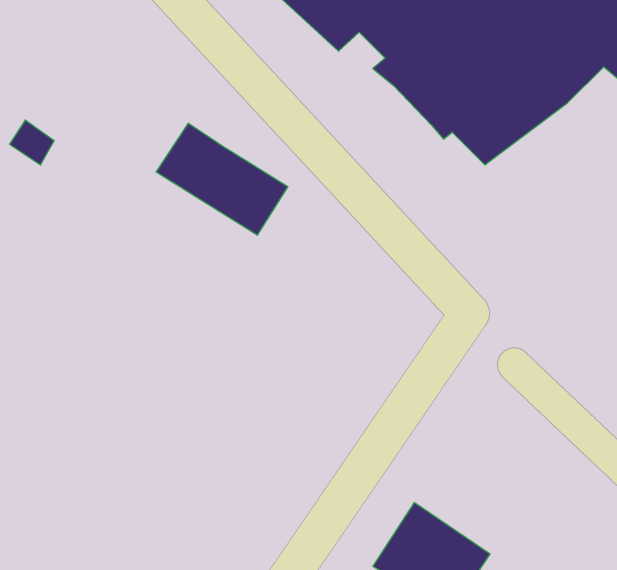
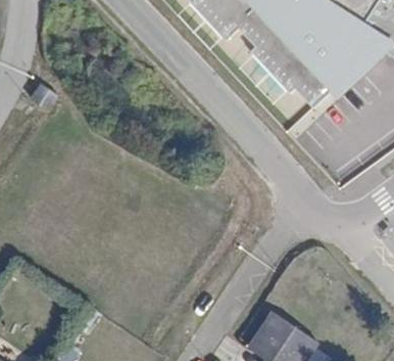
building: [156,123,288,235] -> none

